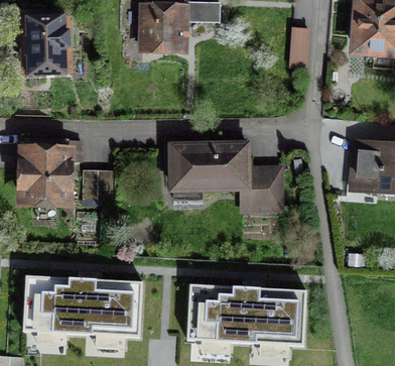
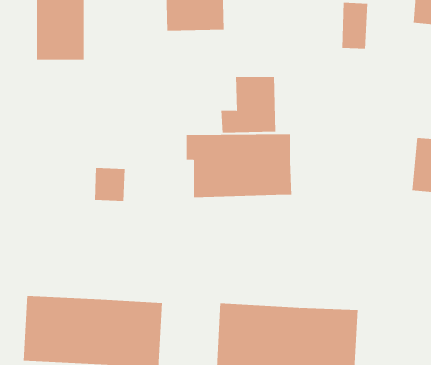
building: [15,145,67,202] -> none
building: [237,163,283,211] -> [221,76,276,133]

